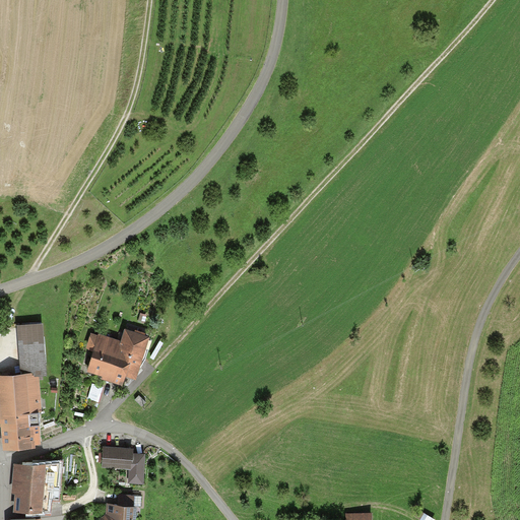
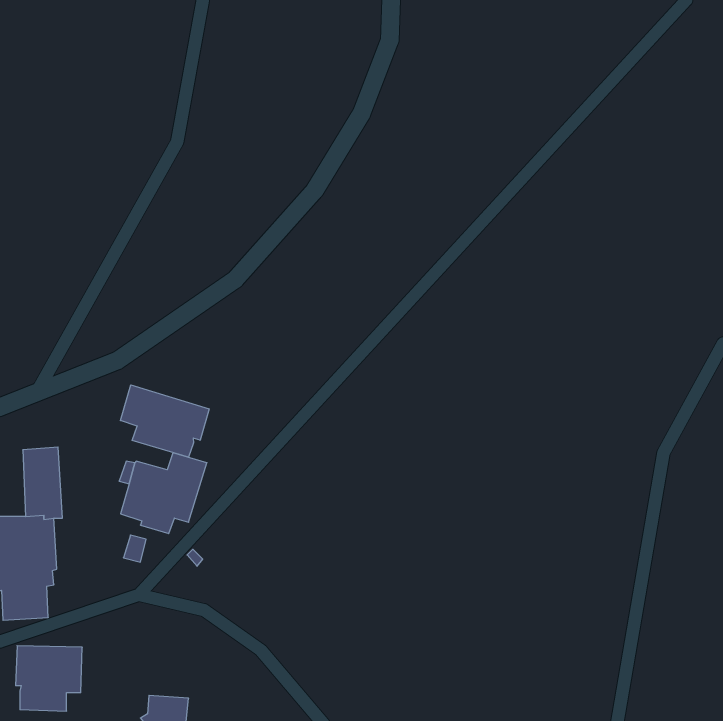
building: none -> [120,385,209,457]
building: [101,445,143,484] -> none

